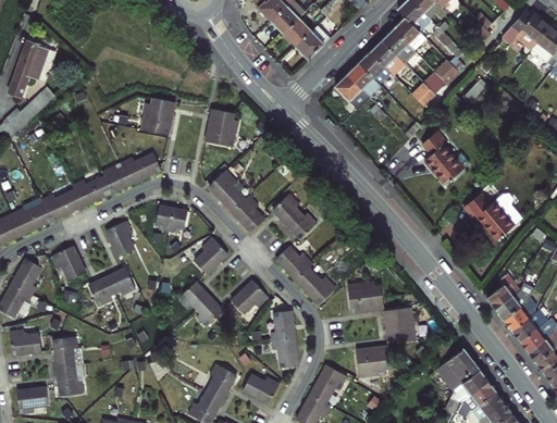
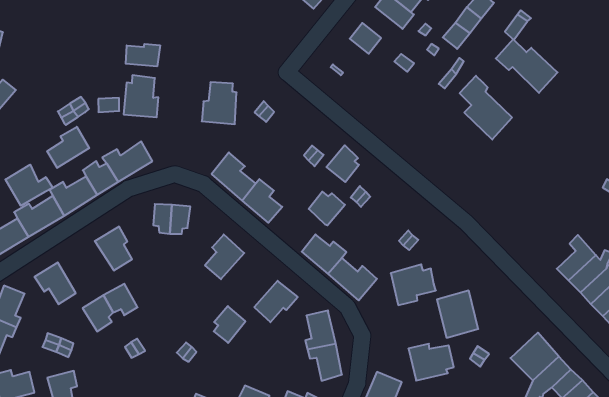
building: [347,63,381,97] -> none
building: none -> [126,44,160,66]
building: none -> [47,127,89,168]
building: none -> [5,165,53,206]
building: [462,192,512,239] -> [496,39,558,93]
building: [271,194,298,224] -> [326,145,359,182]
building: [178,282,209,309] -> none

